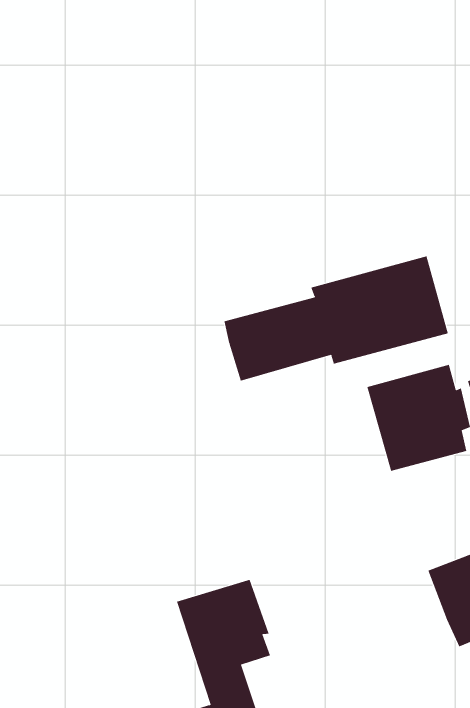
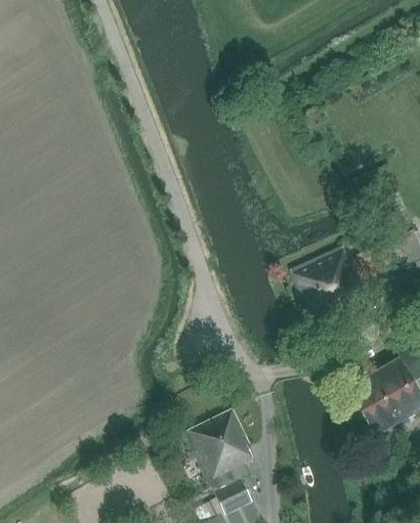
building: [224,255,449,381] -> none

